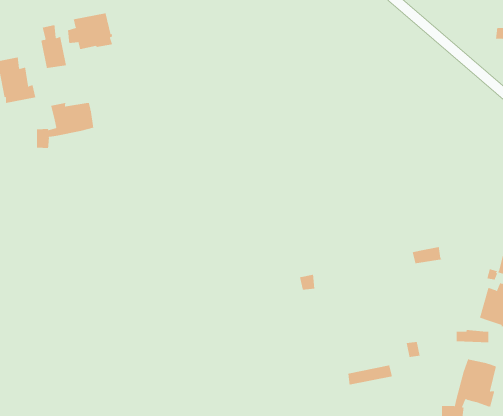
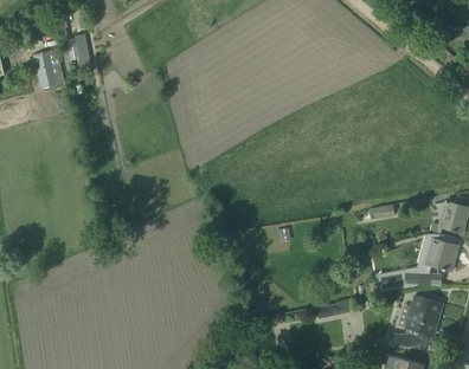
building: [67,12,113,51] -> none
building: [36,102,94,149] -> none

